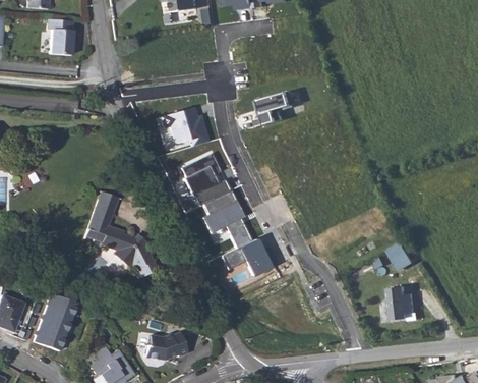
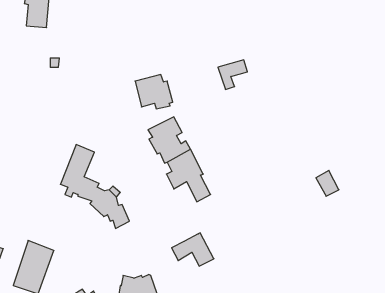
building: [222,240,268,277] -> [172,233,214,266]
building: [387,243,413,272] -> [316,170,339,196]
building: [390,285,415,319] -> none

